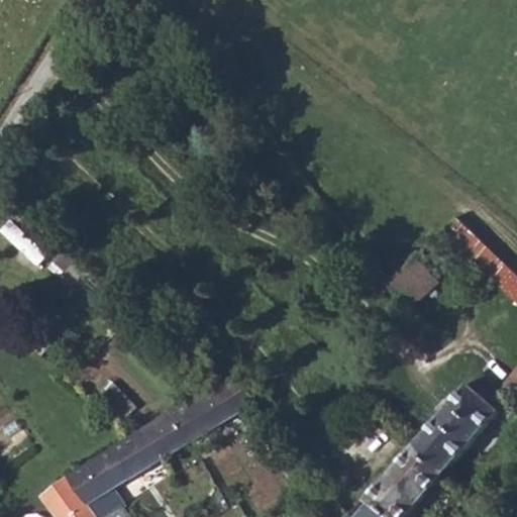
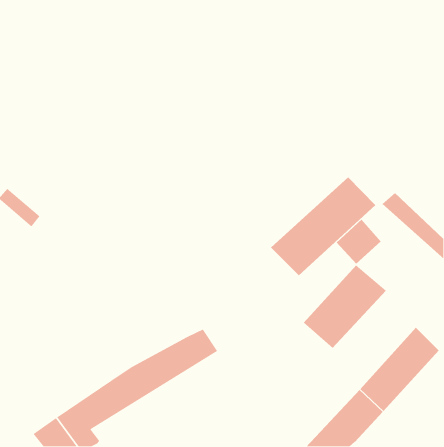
building: none -> [270,176,376,276]
building: none -> [303,264,387,349]

